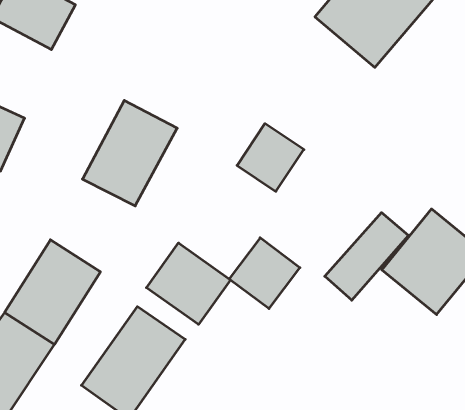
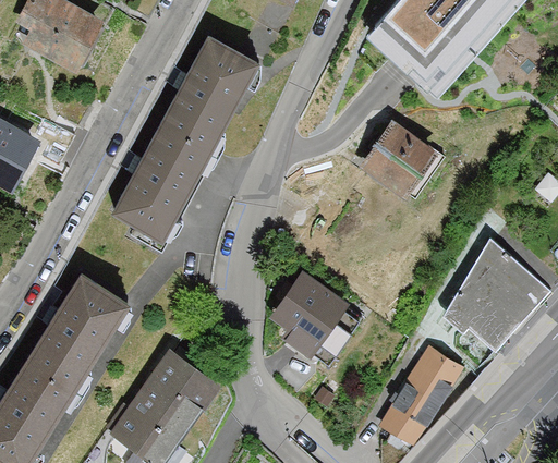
building: none -> [156,37,262,153]
building: [237,124,304,191] -> [362,122,435,196]
building: [325,213,409,300] -> [384,355,475,451]
building: [146,243,230,324] -> none

